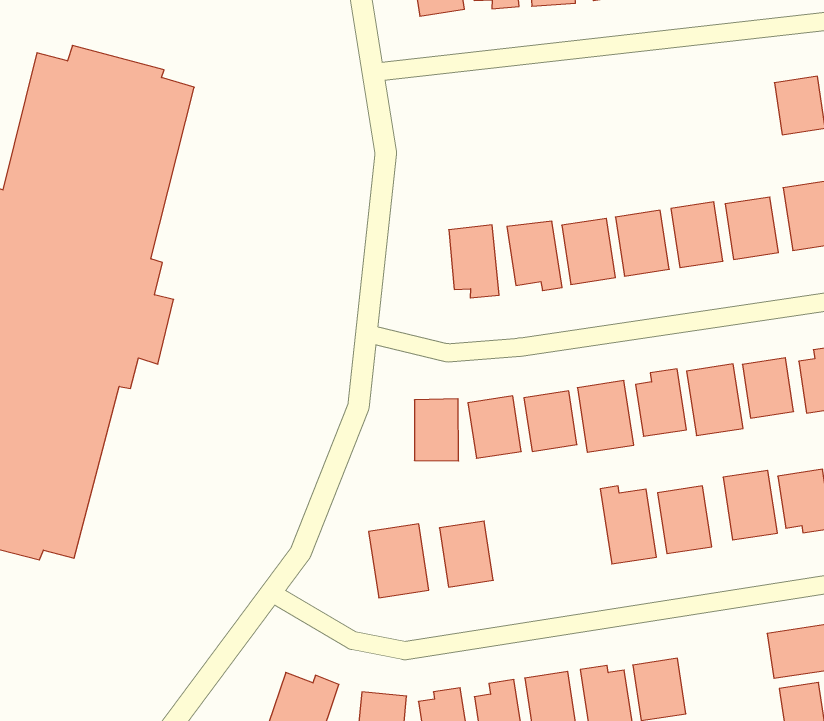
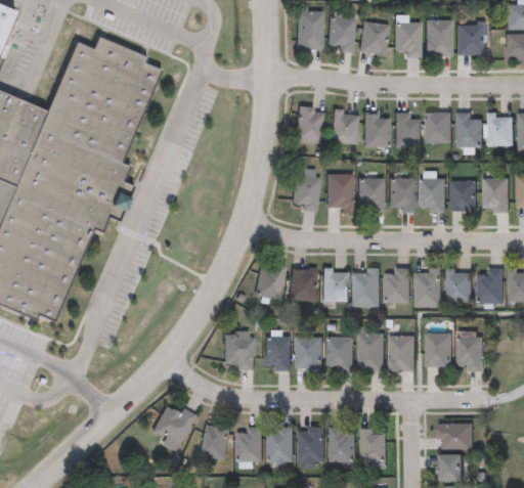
building: none -> [456,114,481,147]
building: none -> [425,113,450,143]
building: none -> [394,113,420,147]
building: none -> [363,115,388,146]
building: none -> [330,110,357,144]
building: none -> [293,106,324,144]
building: none -> [326,338,351,371]
building: none -> [295,339,319,370]

